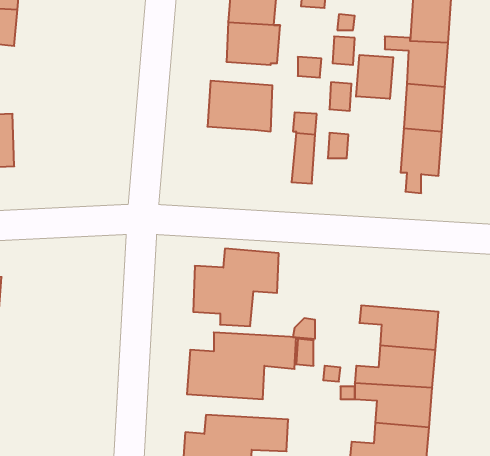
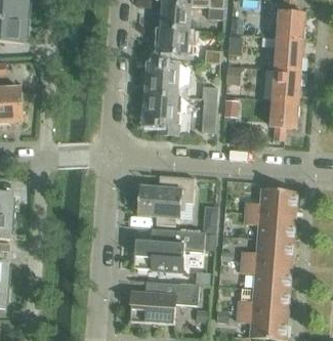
building: [356,55,393,99] -> none
building: none -> [144,95,179,135]
building: none -> [246,187,297,215]

